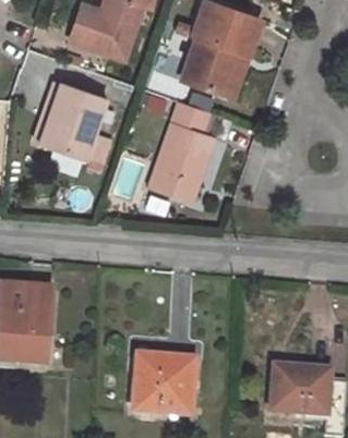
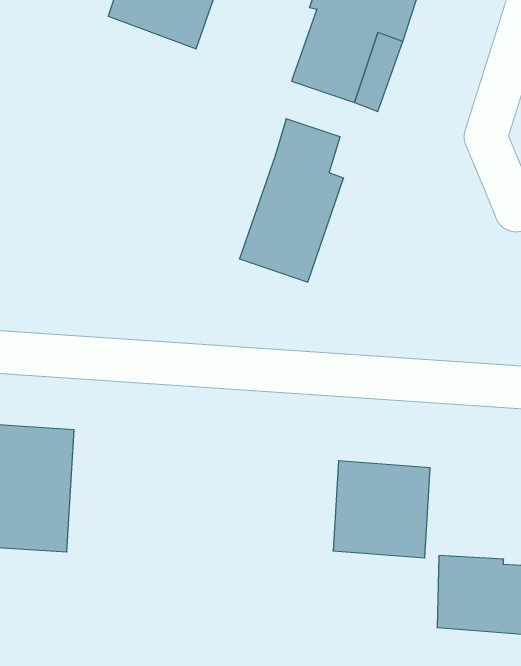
building: [40,84,105,157] -> none
building: [133,354,192,413] -> [333,461,430,558]

